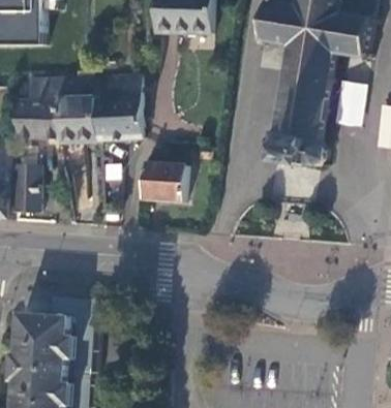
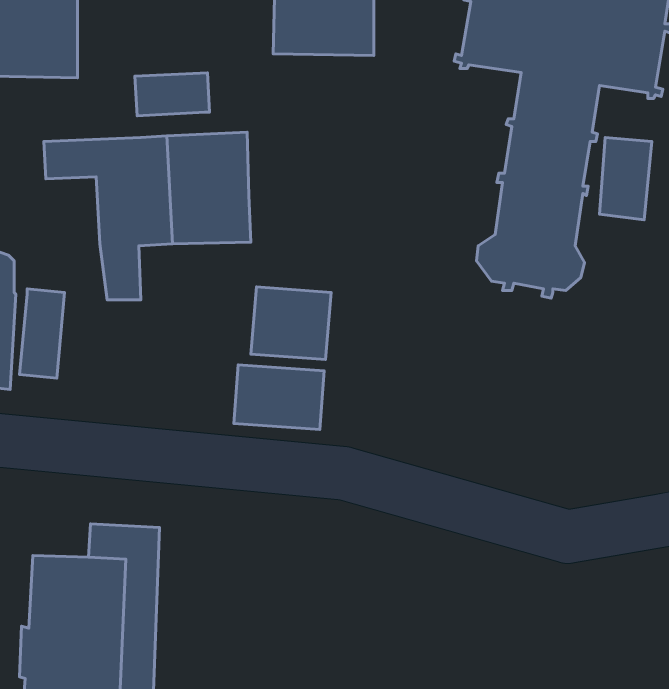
building: none -> [135,73,210,116]
building: [12,102,58,142] -> none
building: none -> [234,365,324,429]

